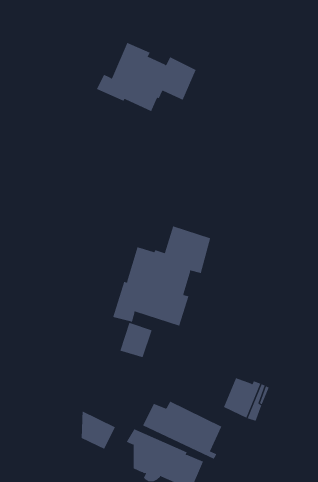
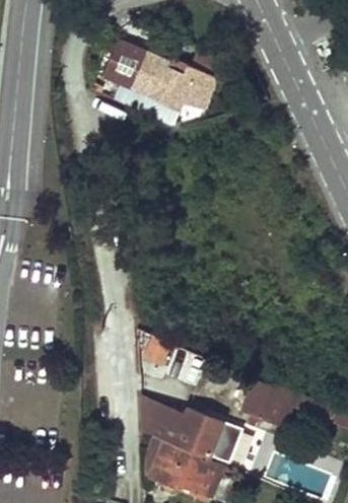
building: none -> [101,40,146,87]
building: [113,225,211,326] -> none
building: [81,411,116,450] -> [138,392,172,431]

